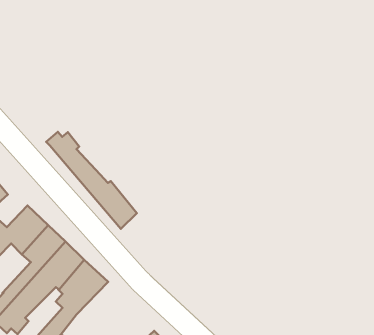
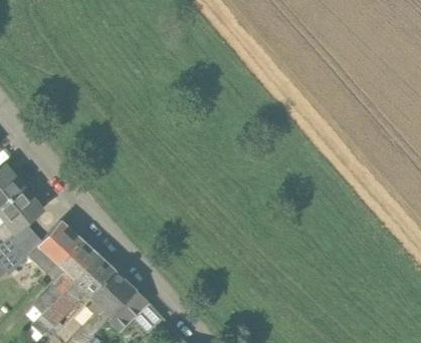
building: [46,132,137,229] -> none
building: none -> [107,290,163,334]

